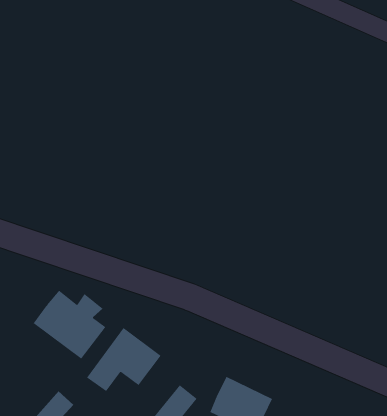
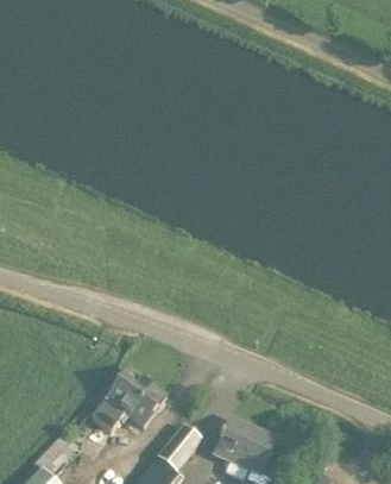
building: [33,290,106,360] -> none

